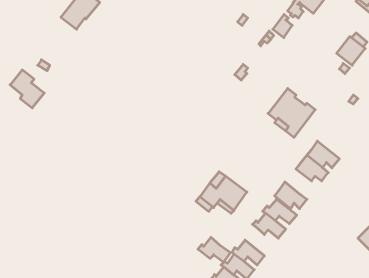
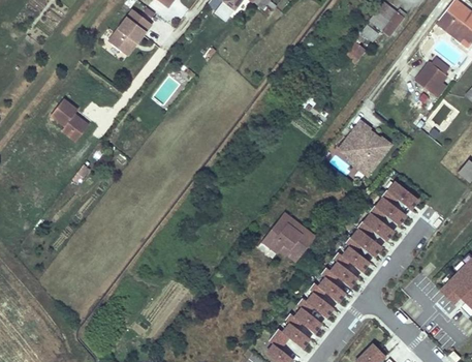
building: none -> [357,210,395,239]
building: [198,237,230,262] -> [310,274,346,302]

